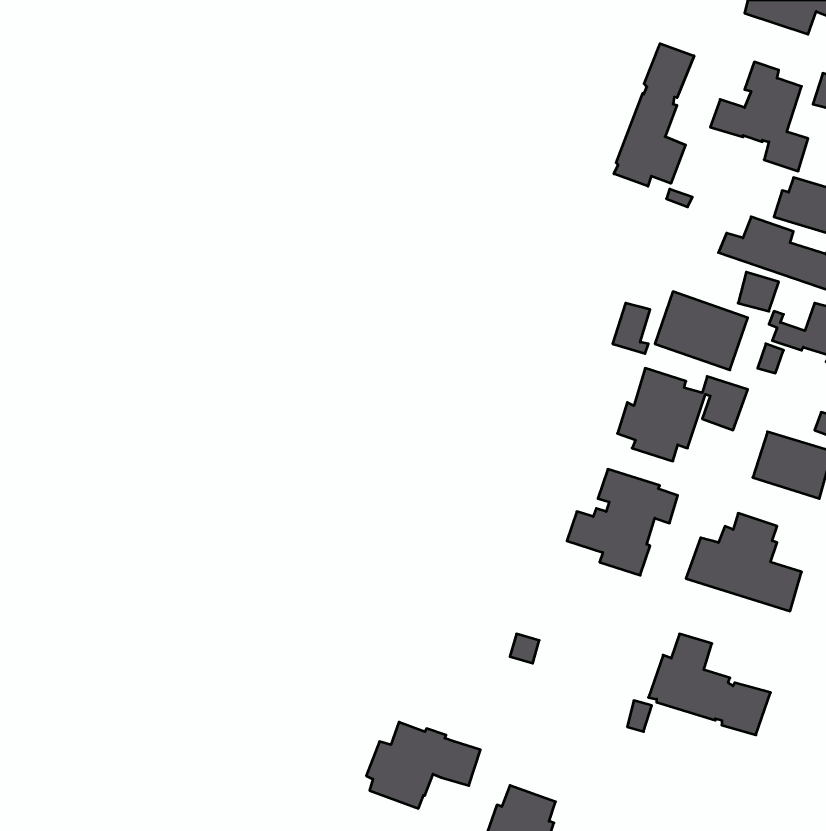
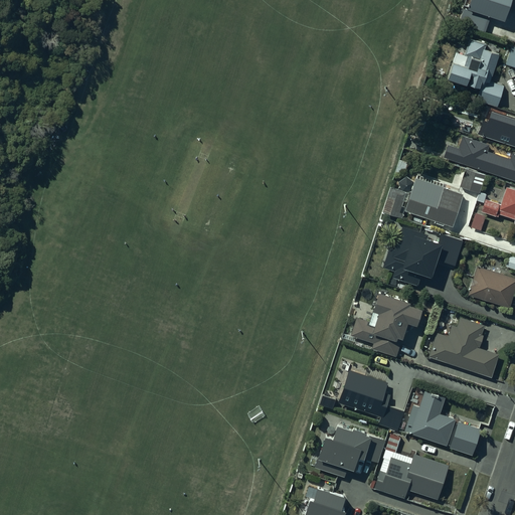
building: [614,44,694,186] -> none
building: none -> [338,370,405,432]
building: [366,722,480,808] -> [318,423,388,477]
building: none -> [374,455,447,499]

